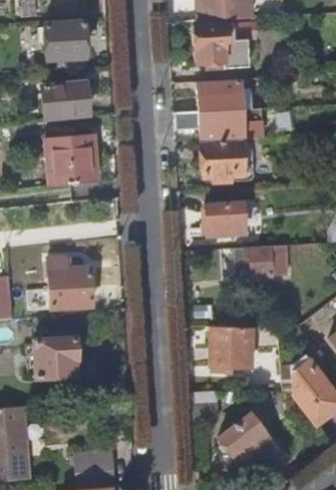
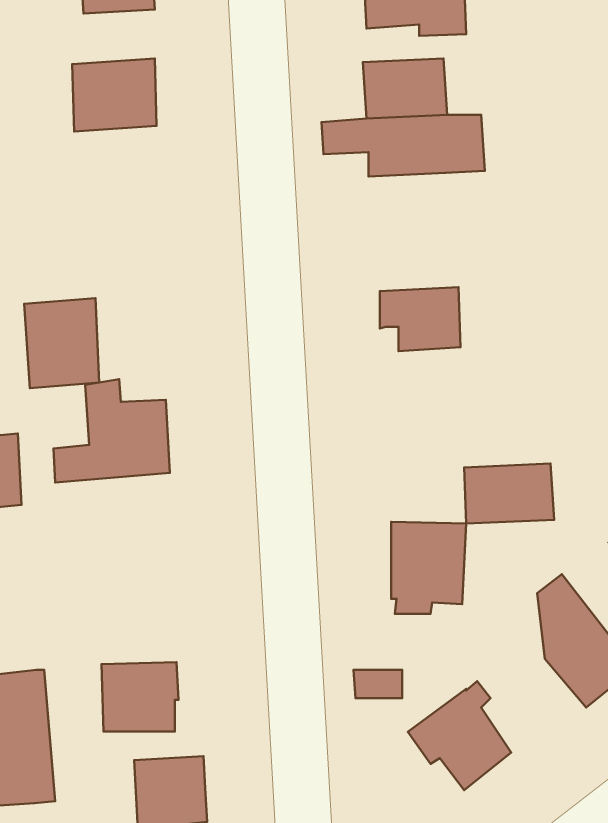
building: [55,136,95,184] -> [24,298,99,388]
building: [200,141,242,178] -> none
building: [244,246,292,278] -> [464,464,554,524]
building: [37,335,78,372] -> [102,662,178,732]

